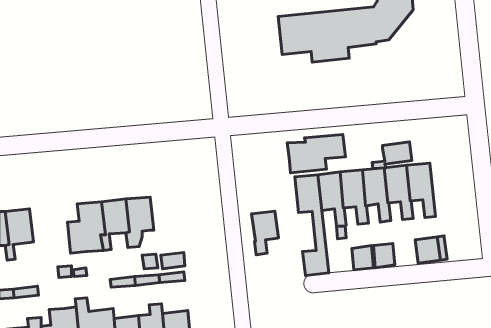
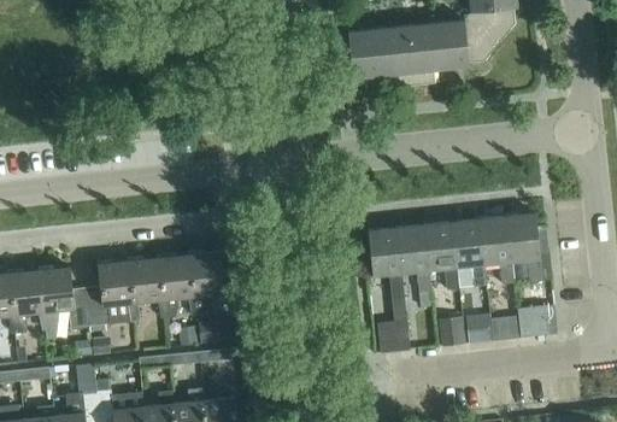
building: [287,135,345,173] -> none
building: [372,142,412,169] -> none
building: none -> [188,251,224,313]
building: none -> [39,266,89,339]
building: [252,211,278,255] -> none

